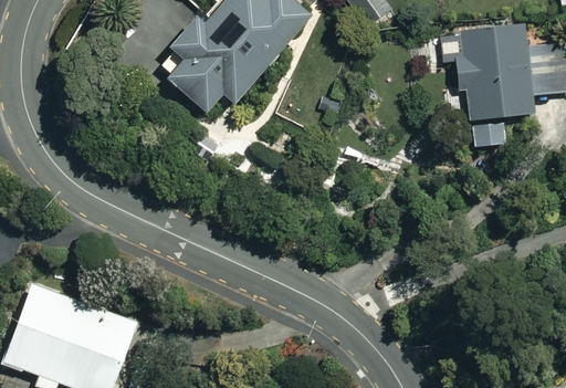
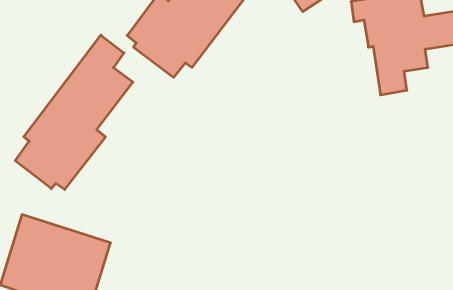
building: none -> [15,35,133,190]

